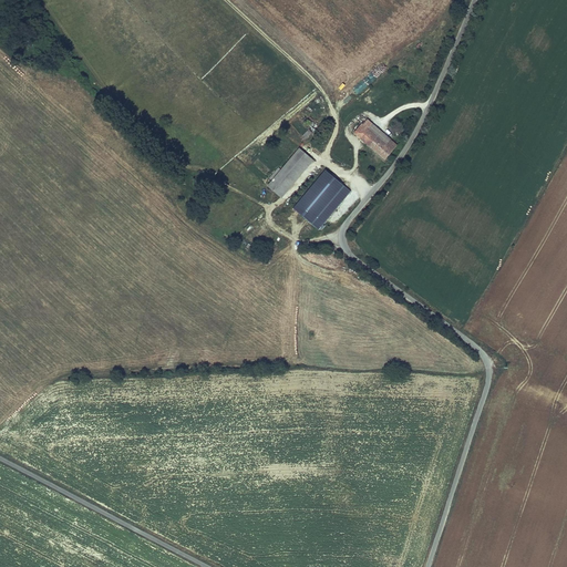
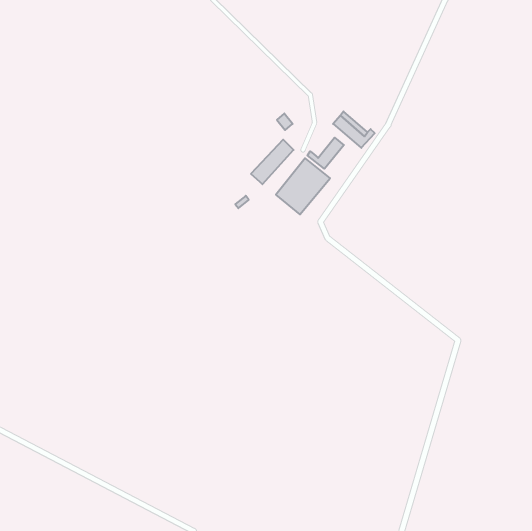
building: none -> [307,138,344,169]

